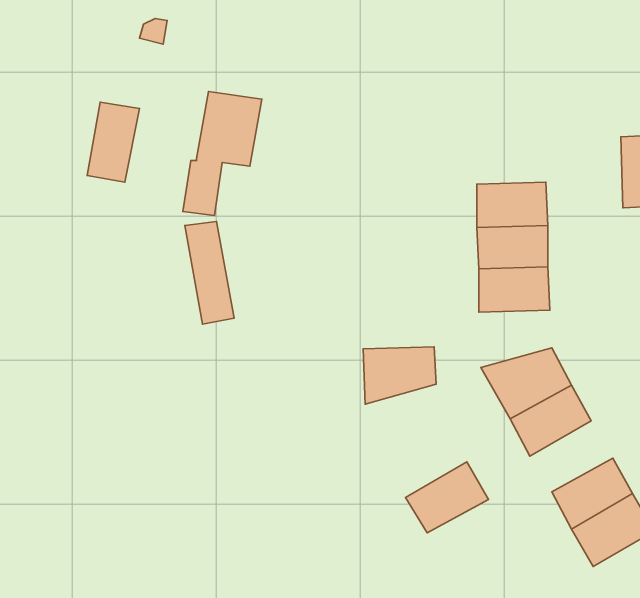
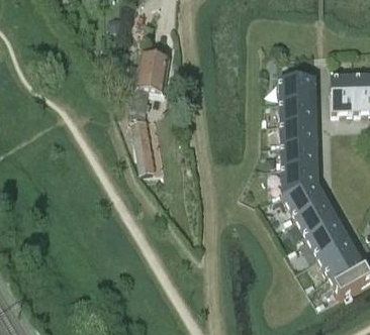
building: [87,102,140,182] -> none
building: none -> [331,75,355,111]
building: none -> [279,76,315,99]
building: [363,347,436,404] -> [281,163,318,193]
building: [406,462,488,533] -> [307,220,350,256]

